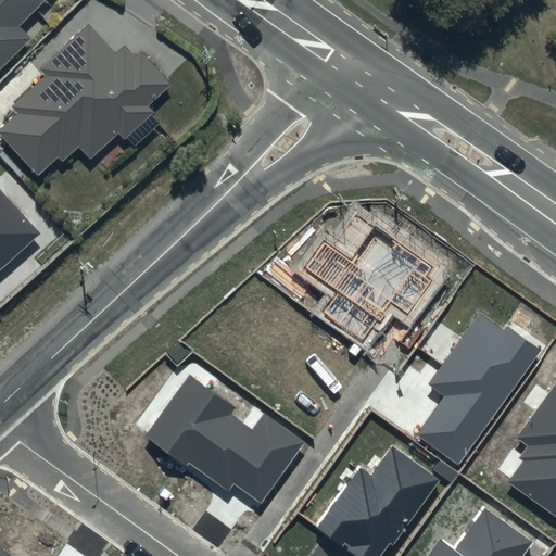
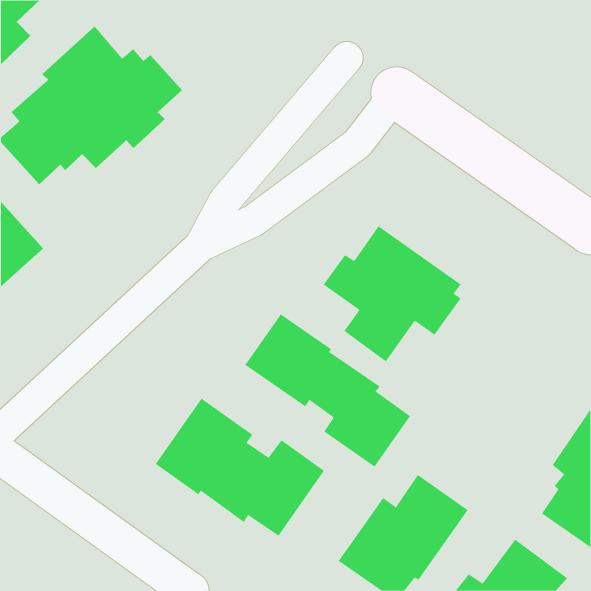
building: none -> [244,313,411,467]
building: [417,314,541,464] -> none

